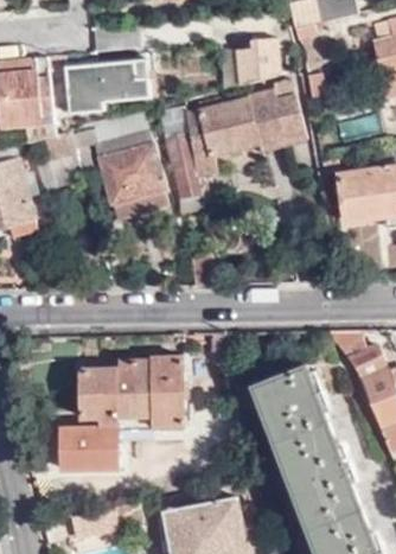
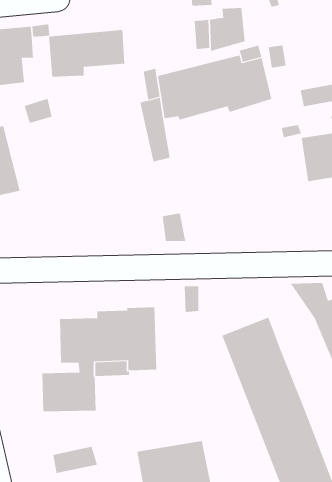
building: [95,132,166,221] -> none

